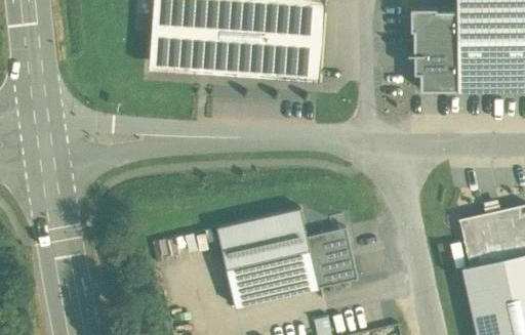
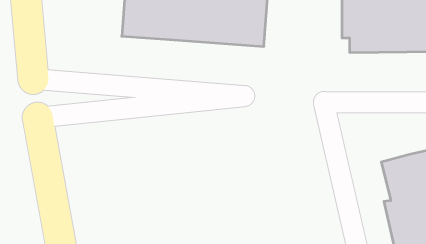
building: [216,208,359,308] -> none

